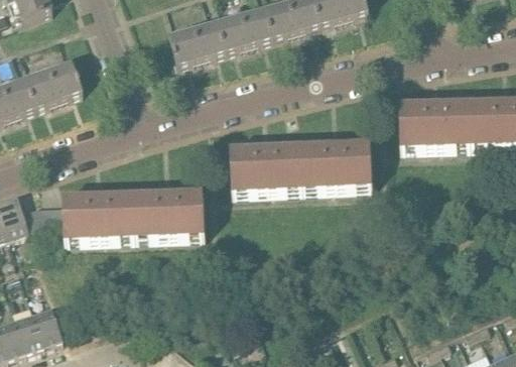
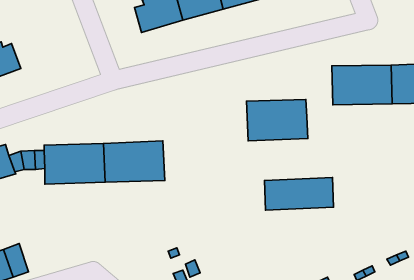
building: [25,60,83,108] -> none
building: [231,146,302,196] -> none
building: none -> [265,178,333,210]
building: [34,307,63,346] -> none

